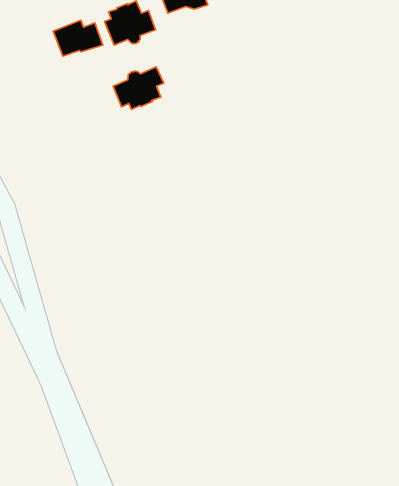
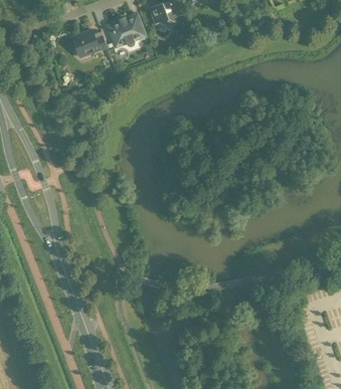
building: [113,67,164,110] -> none

